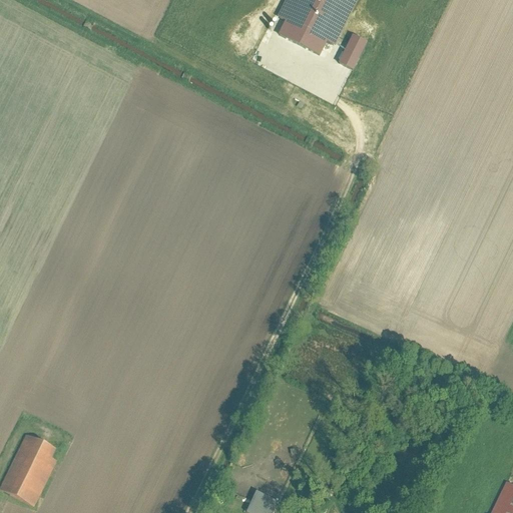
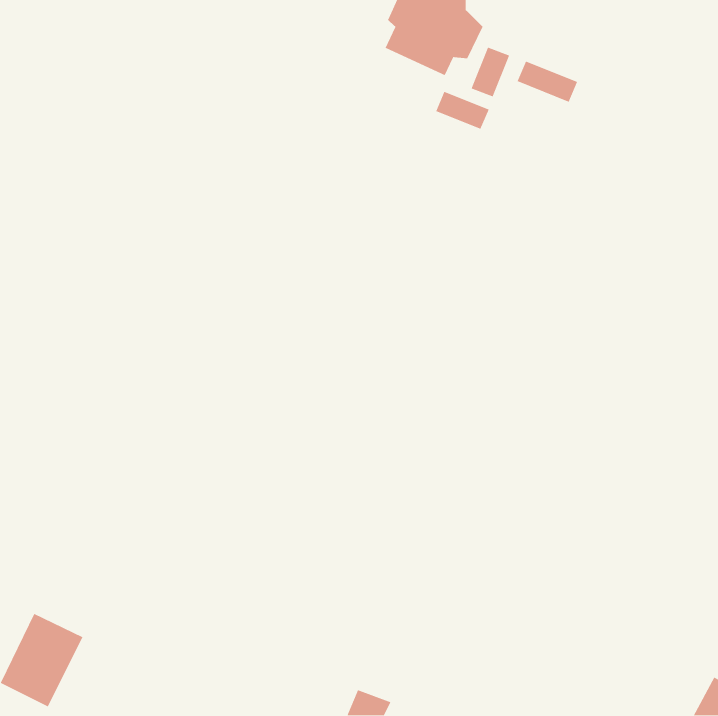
building: none -> [516,60,578,103]
building: none -> [435,91,490,130]

